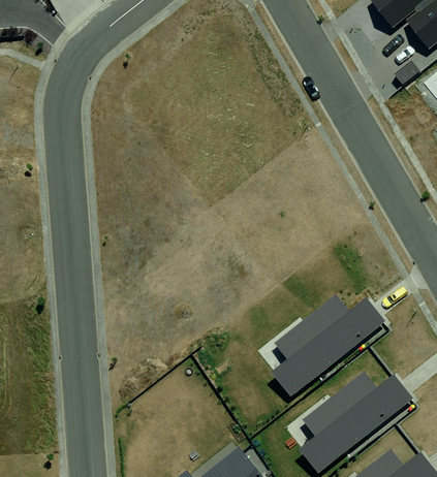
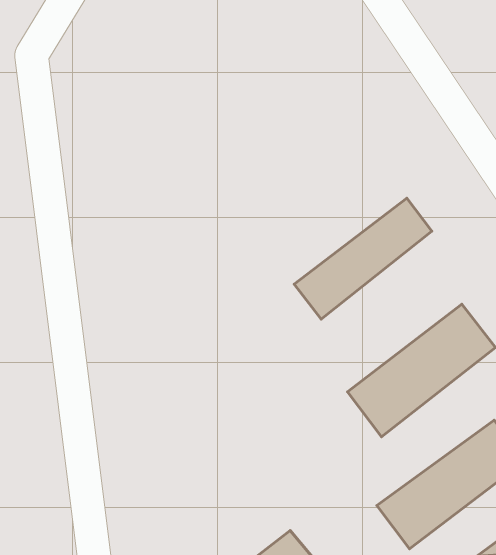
building: none -> [294,198,432,319]

